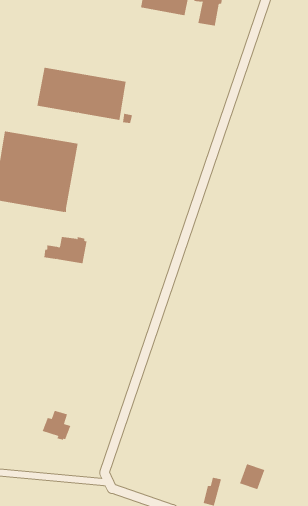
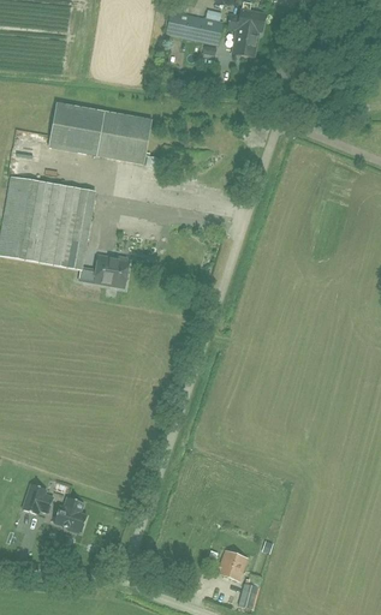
building: [43,236,87,264] -> [79,255,130,286]
building: none -> [23,483,54,513]
building: [239,464,265,490] -> [218,549,248,579]

